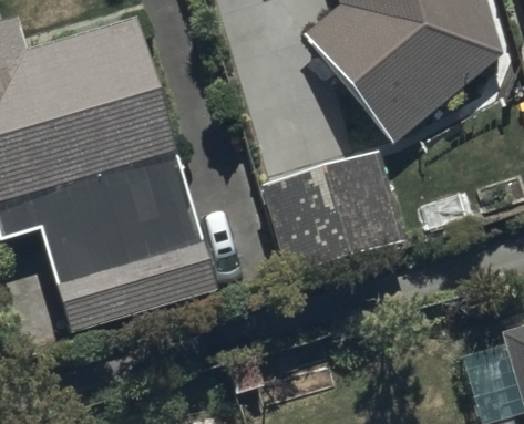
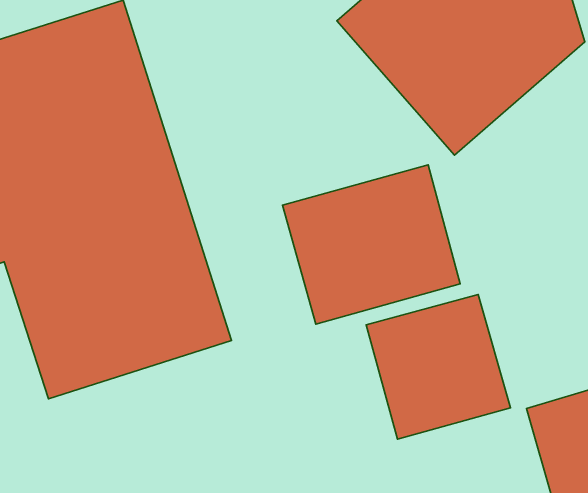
building: none -> [366,294,510,439]

